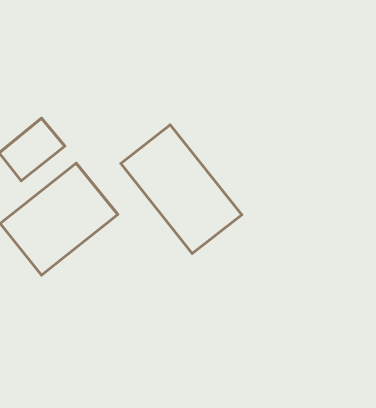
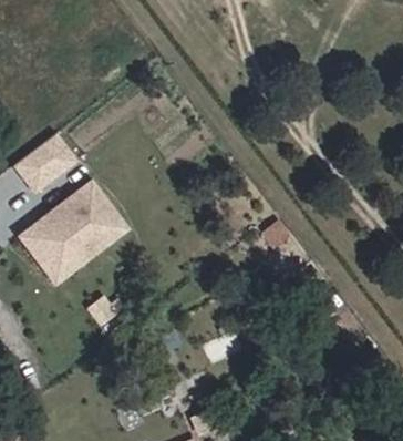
building: [121,125,242,253] -> none

